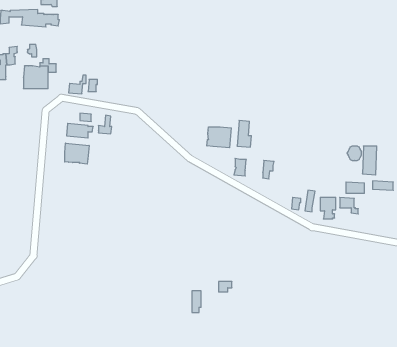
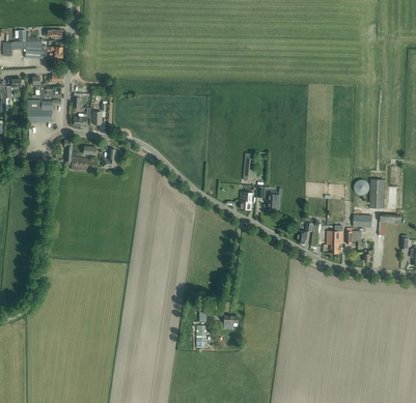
building: [207,127,231,148] -> none
building: [65,143,89,164] -> none

